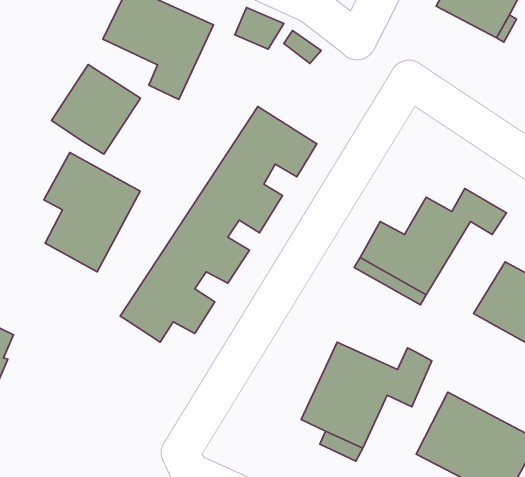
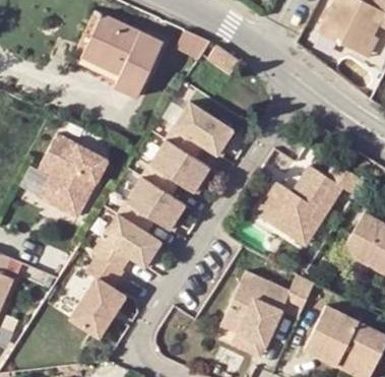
building: [51,65,141,154] -> none
building: none -> [72,254,127,336]

